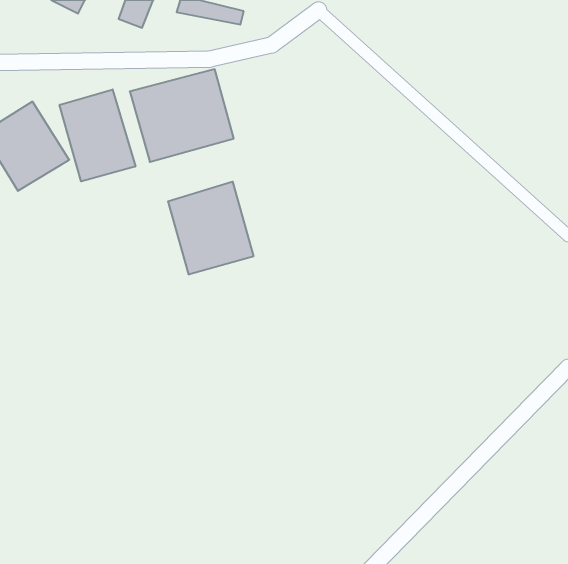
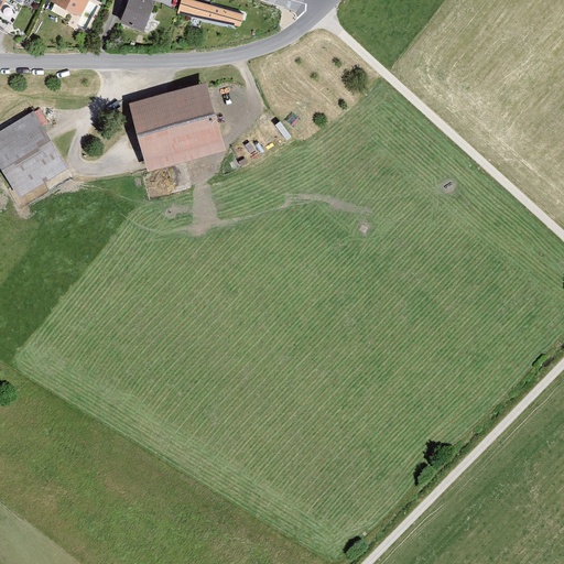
building: [60,89,135,181] -> none
building: [168,182,253,275] -> none

